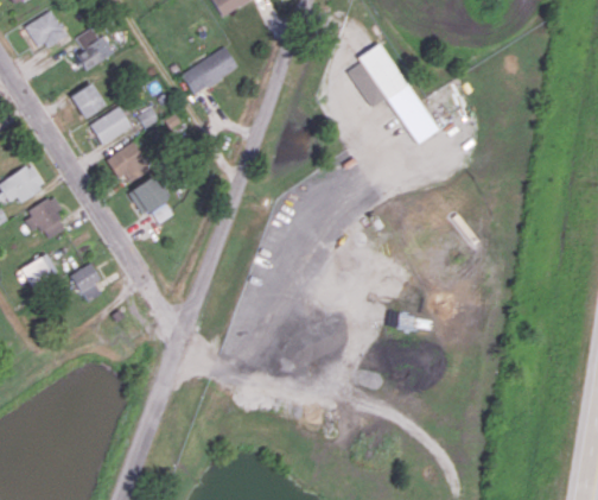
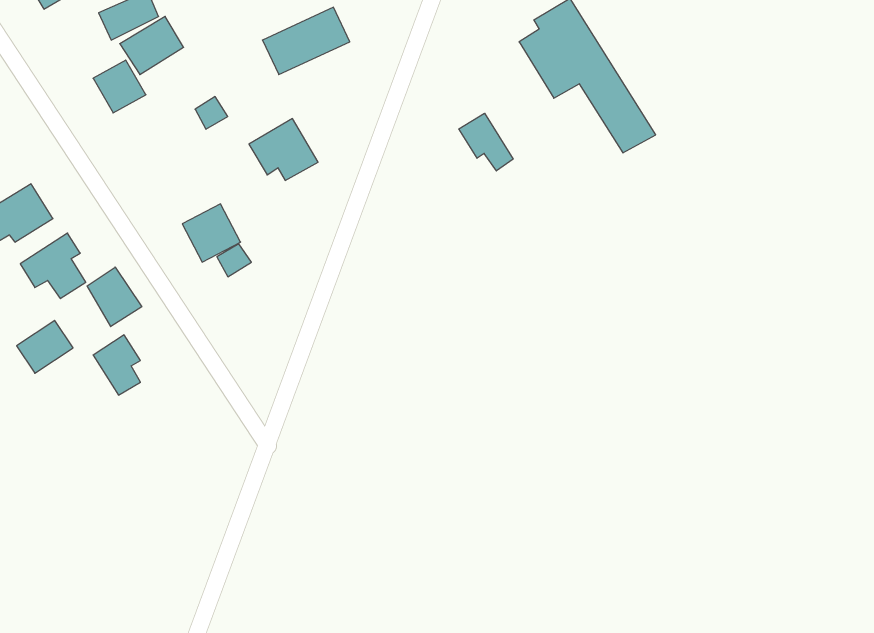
building: [90,107,132,145] -> [120,16,184,75]
building: none -> [459,113,513,171]
building: [106,141,151,182] -> [249,119,318,180]
building: none -> [87,267,142,327]

